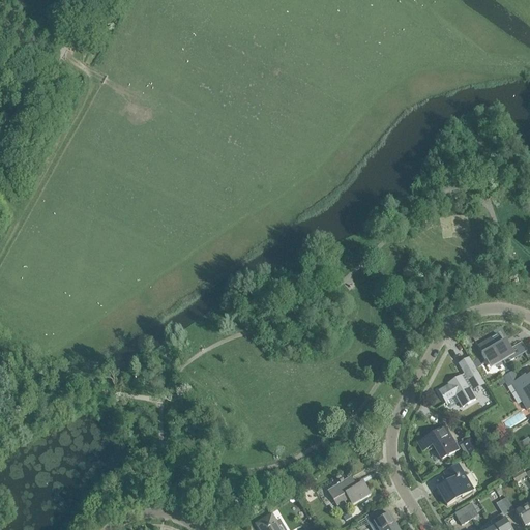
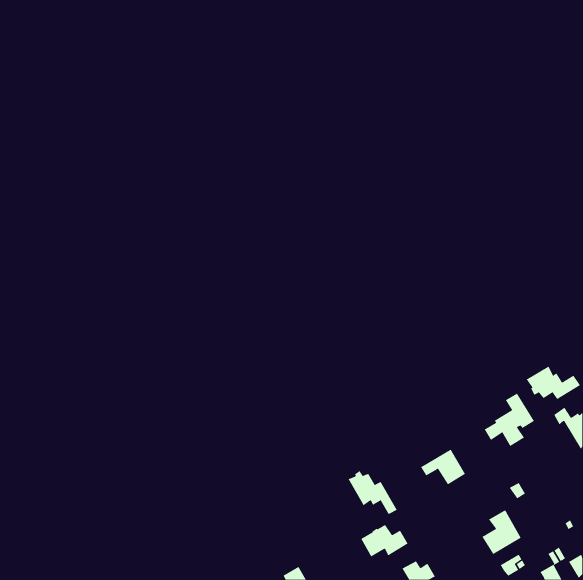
building: [417,425,459,459] -> [420,449,466,485]
building: none -> [348,470,398,515]

